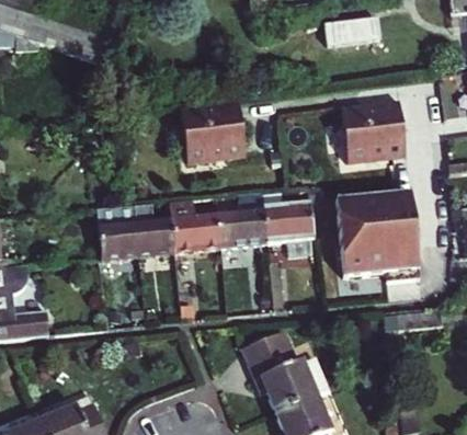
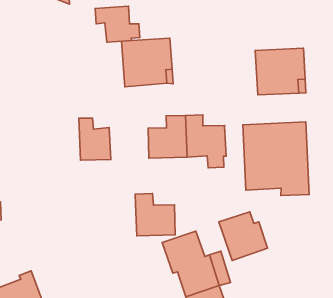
building: none -> [95,6,140,42]
building: [170,199,221,252] -> [135,193,175,236]
building: [95,205,139,260] -> none
building: none -> [219,212,268,261]

